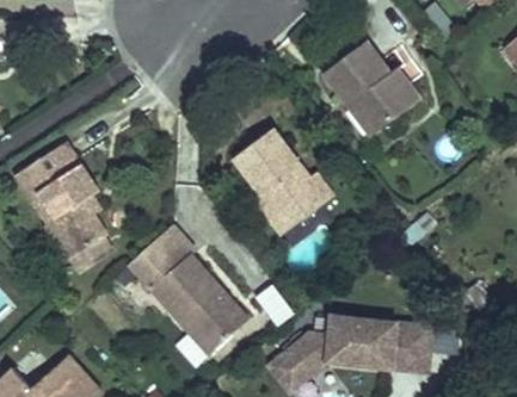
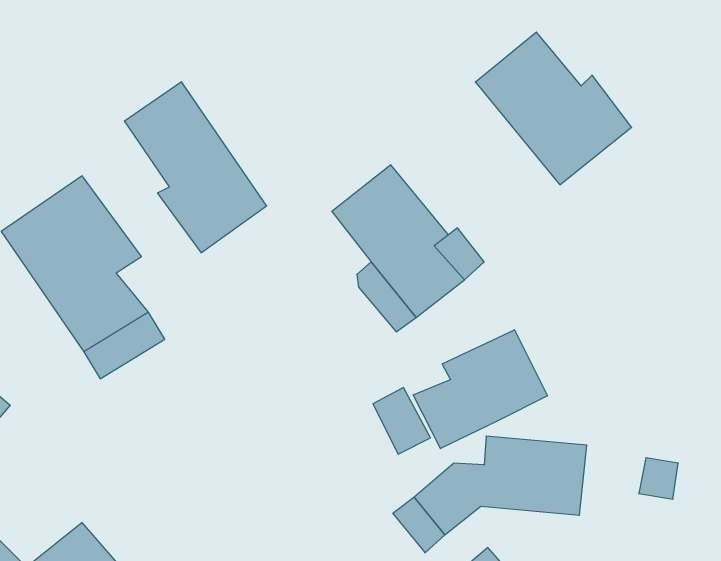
building: none -> [125,82,267,253]
building: [122,227,241,358] -> none
building: none -> [413,330,547,449]
building: [396,315,436,364] -> none

